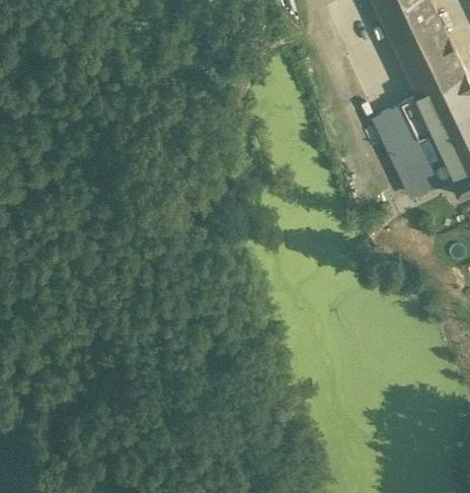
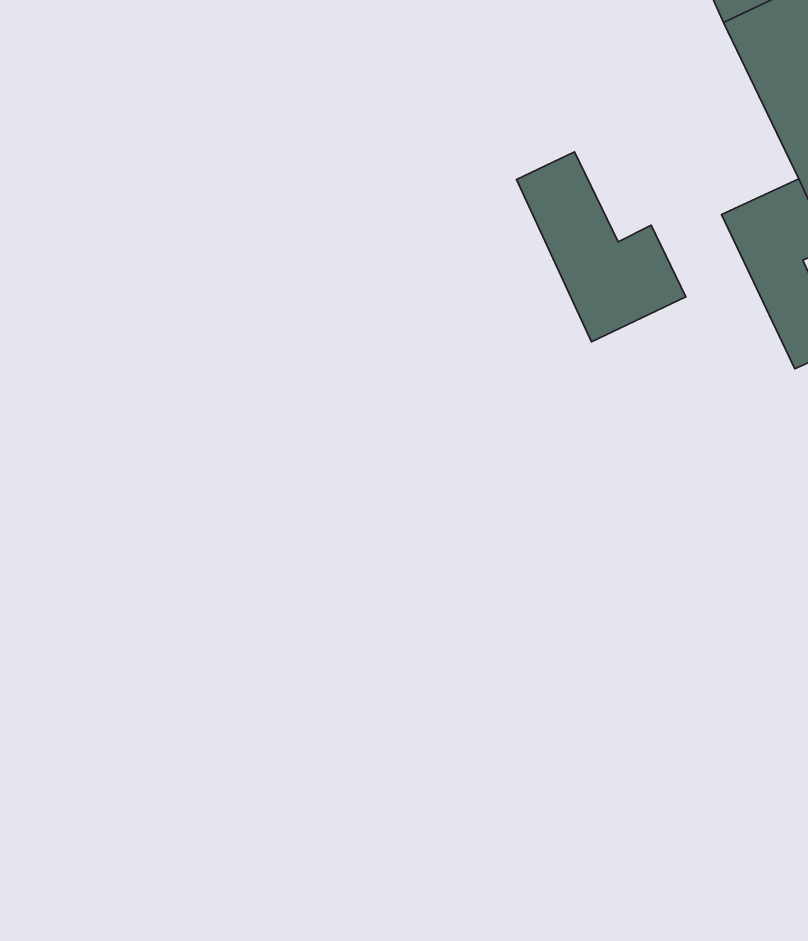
building: none -> [517,152,686,342]

